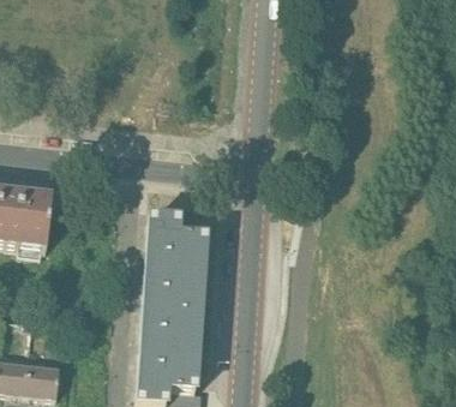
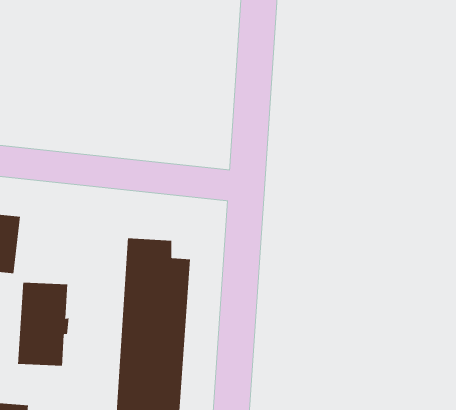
building: none -> [18,282,69,367]

